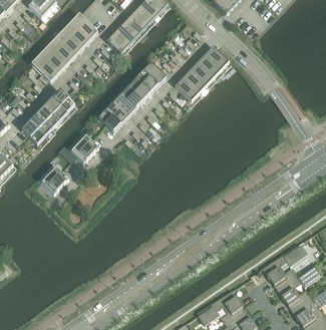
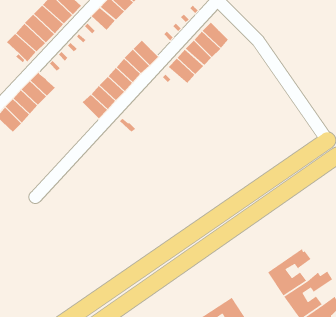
building: [70,135,97,163] -> none
building: [40,167,68,195] -> none

